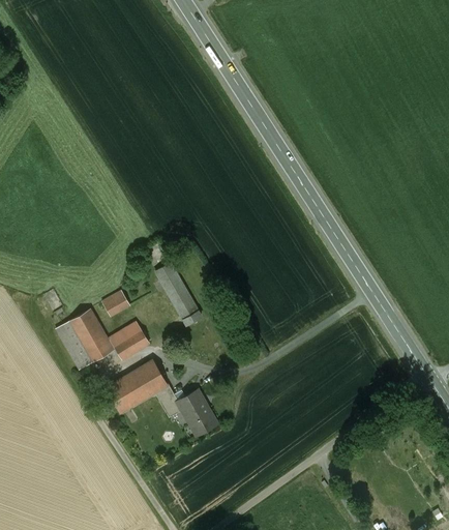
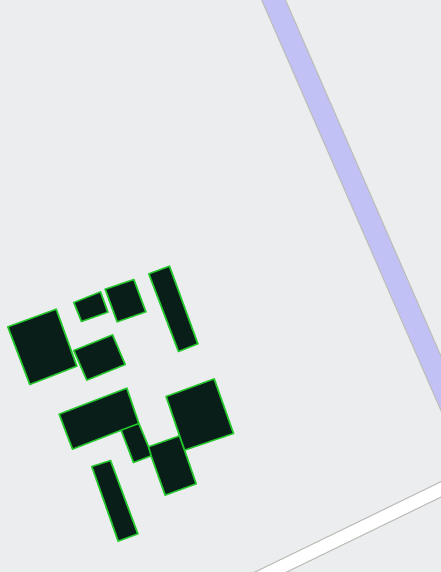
building: none -> [105,279,146,322]
building: none -> [166,379,234,450]
building: none -> [92,461,138,541]

